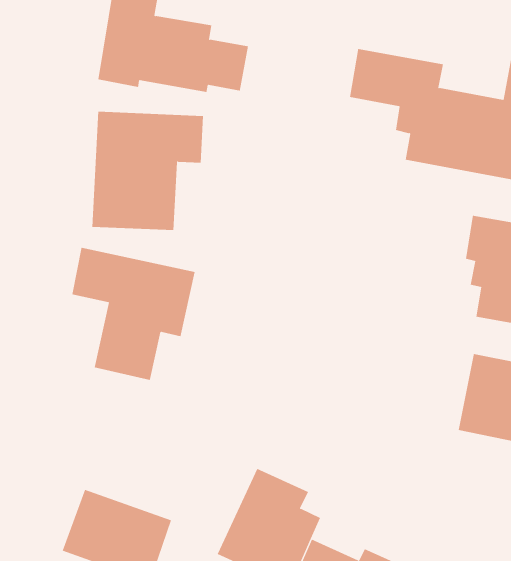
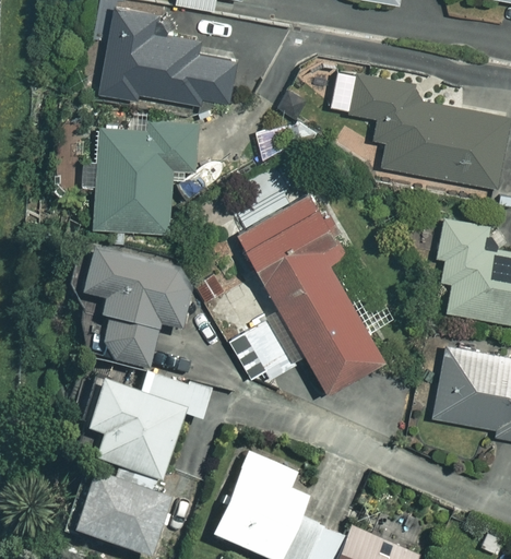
building: none -> [229,191,391,400]
building: none -> [80,373,210,479]

